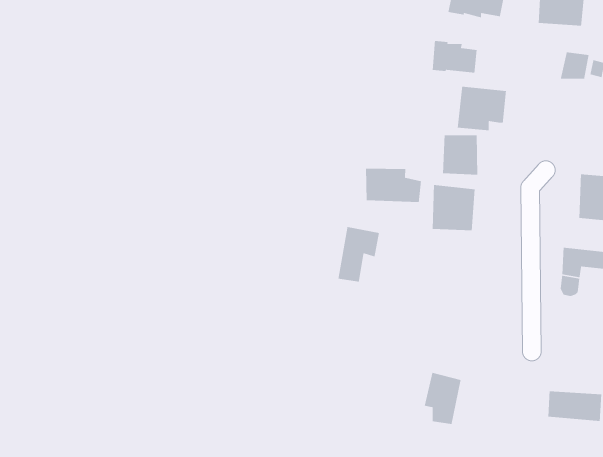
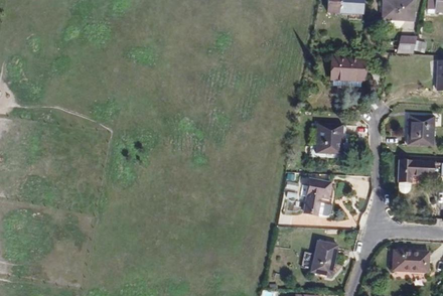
building: [432,40,477,73] -> none
building: [442,134,478,175] -> none
building: [365,168,422,203] -> none
building: [338,226,380,282] -> [301,181,328,217]

